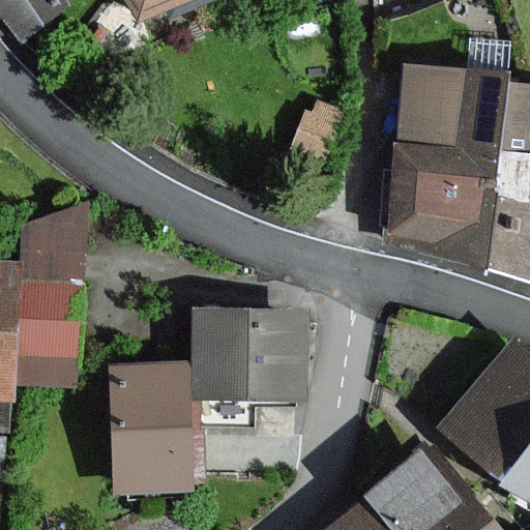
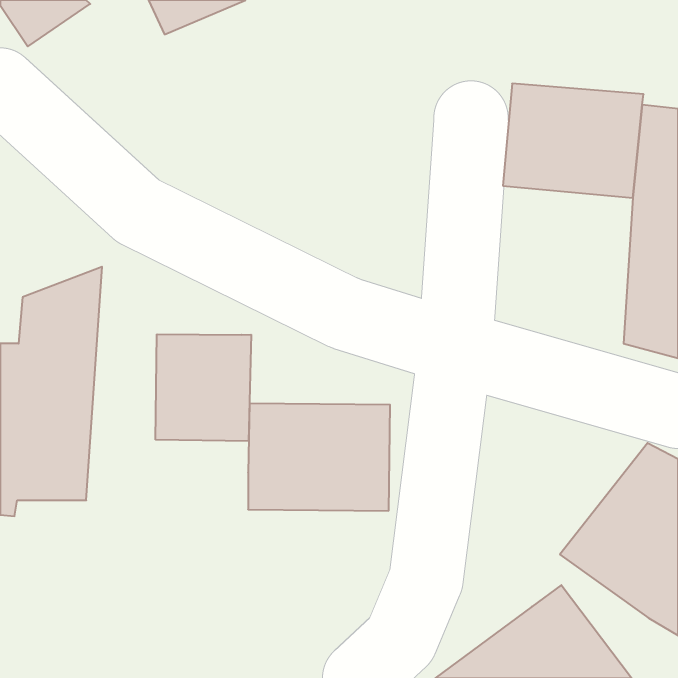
building: [385,145,494,268] -> none
building: none -> [156,334,251,441]
building: [113,367,194,487] -> none

